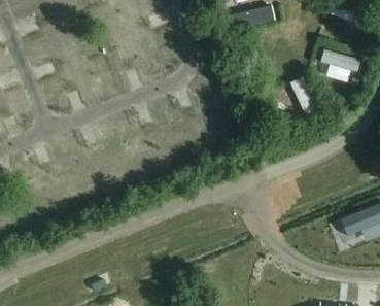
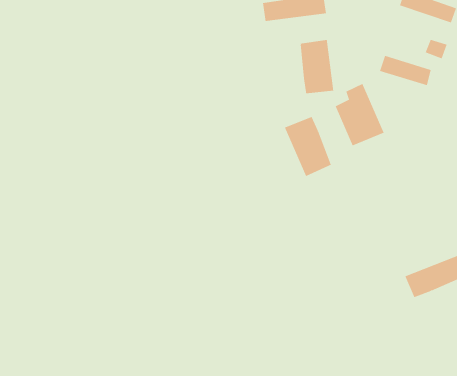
building: none -> [300,39,334,94]
building: none -> [284,116,332,177]

